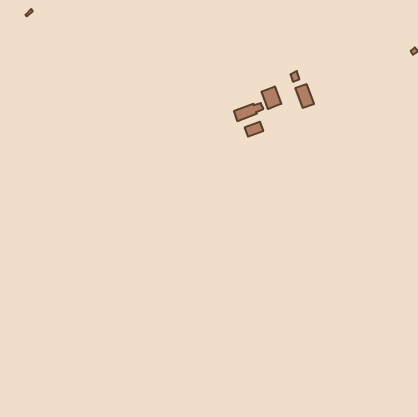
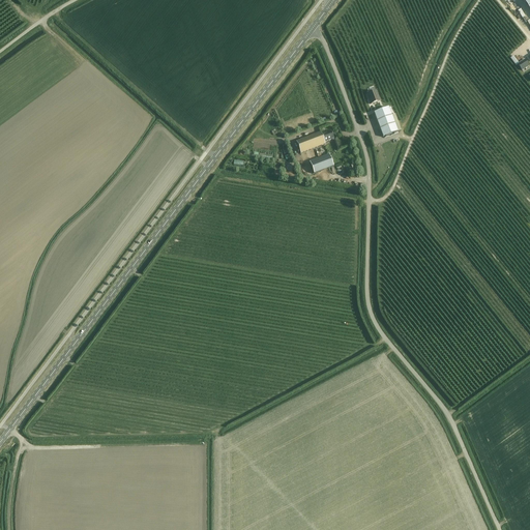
building: [262,86,281,109] -> none

